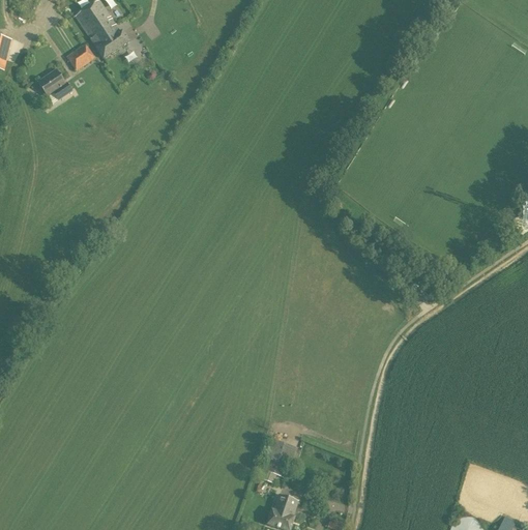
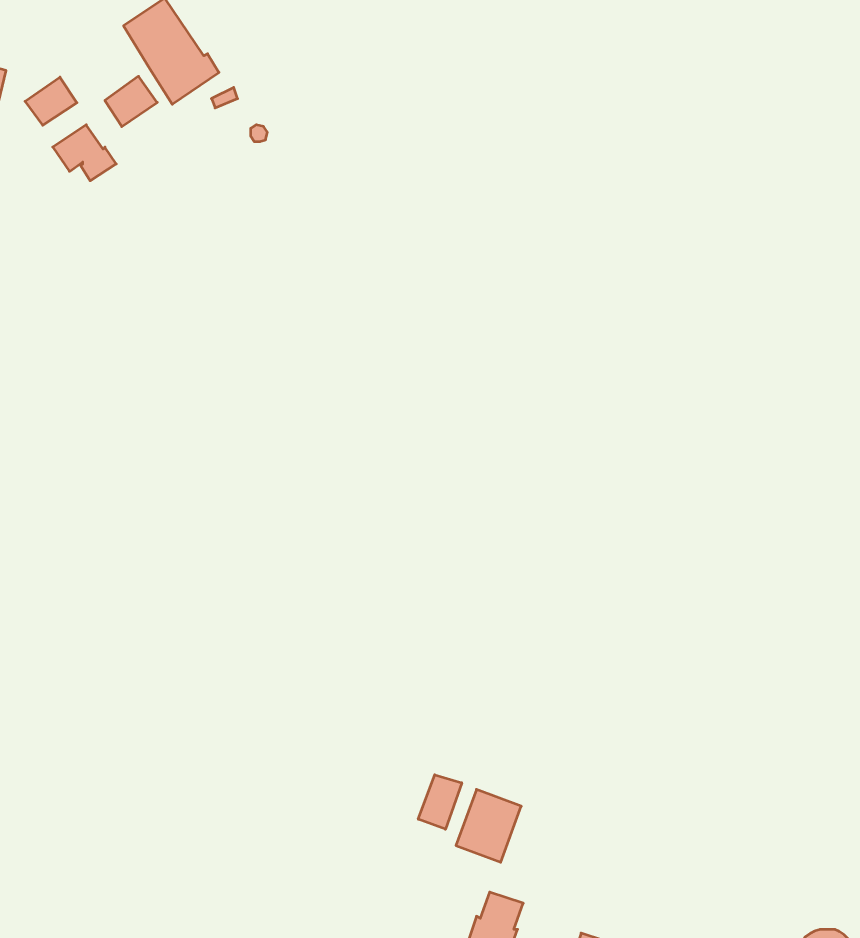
building: none -> [25,77,77,125]
building: none -> [418,775,462,829]

